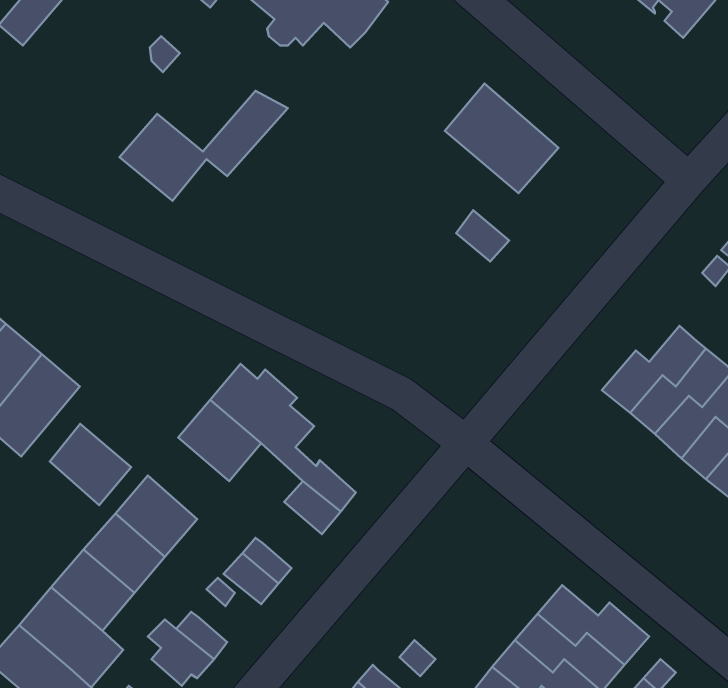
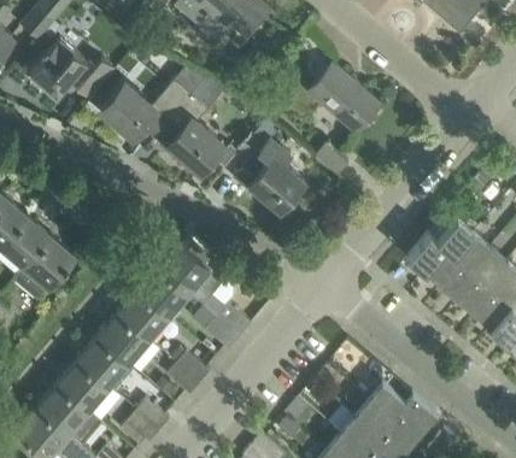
building: none -> [30,40,115,101]
building: none -> [168,80,225,174]
building: none -> [238,119,304,212]
building: [50,424,131,505] -> [118,289,170,341]

